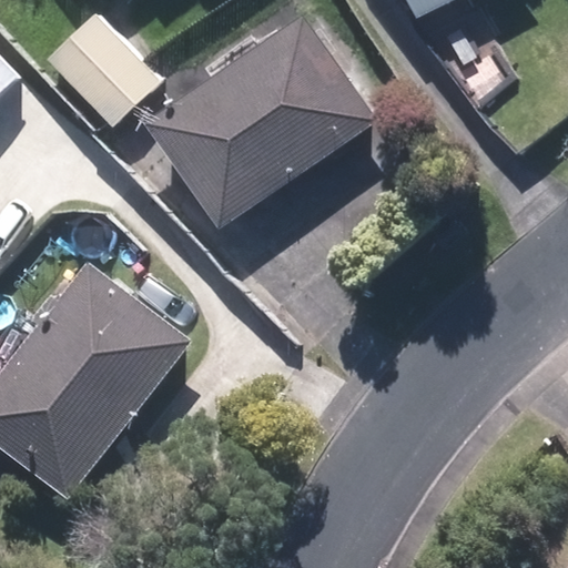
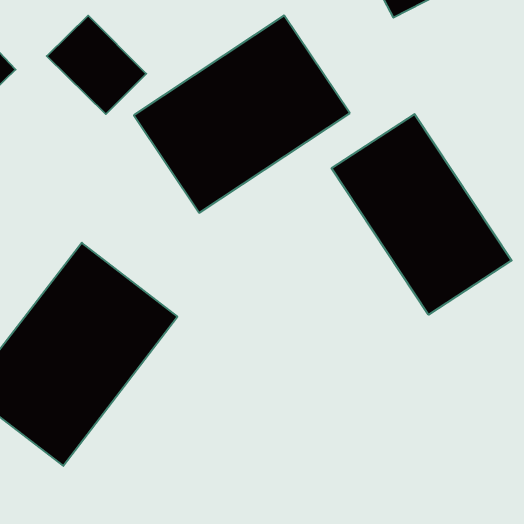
building: none -> [332,114,512,315]

